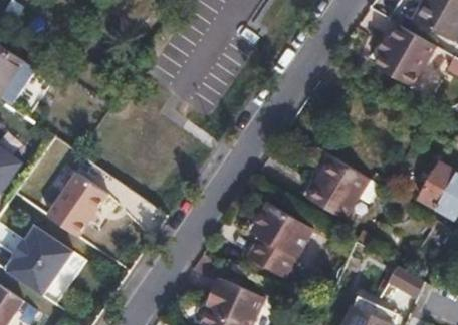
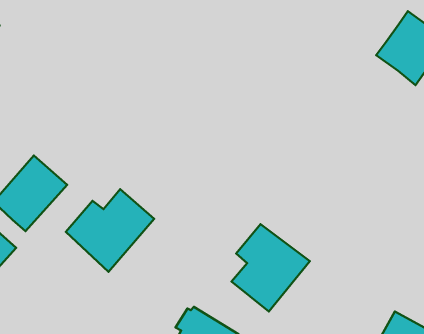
building: [309,158,371,221] -> none
building: none -> [66,189,154,272]

